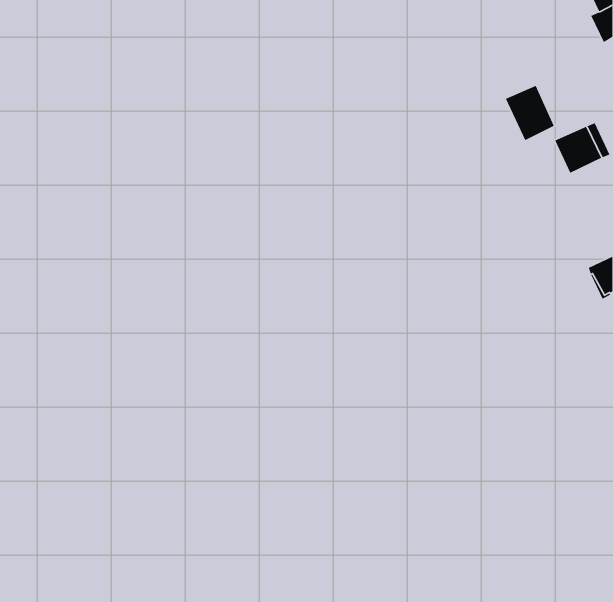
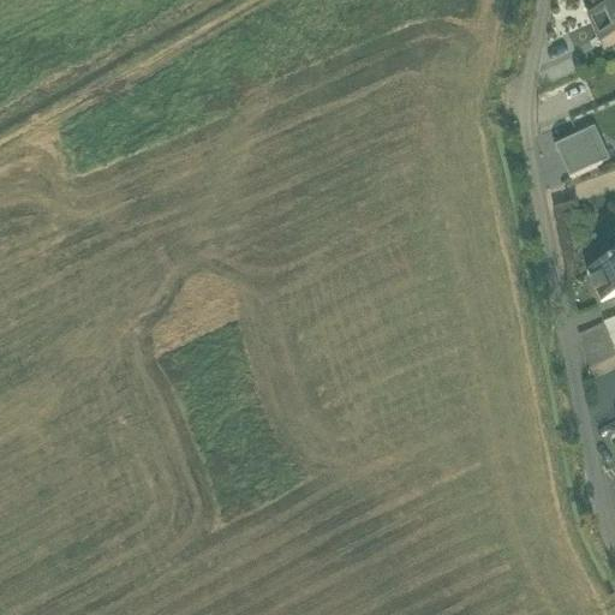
building: [505,85,555,141] -> none

